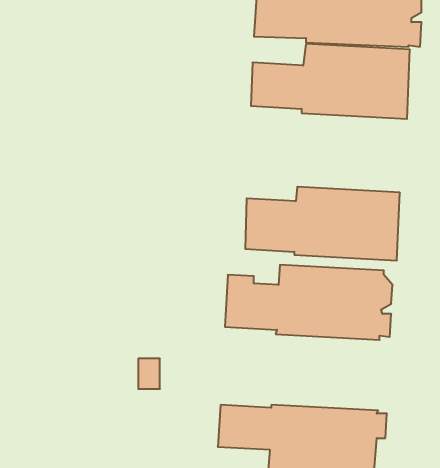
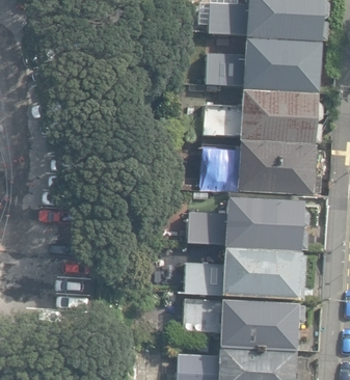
building: none -> [204,89,324,143]
building: none -> [185,248,307,300]

